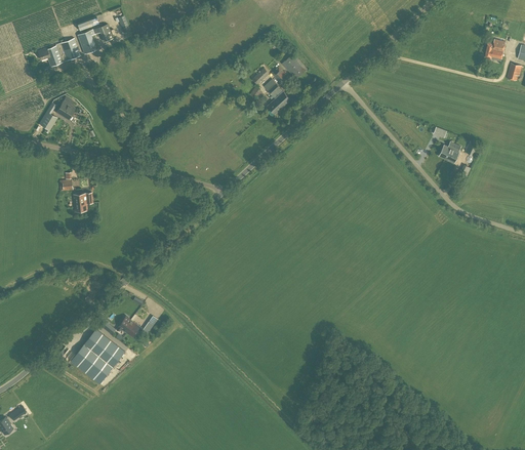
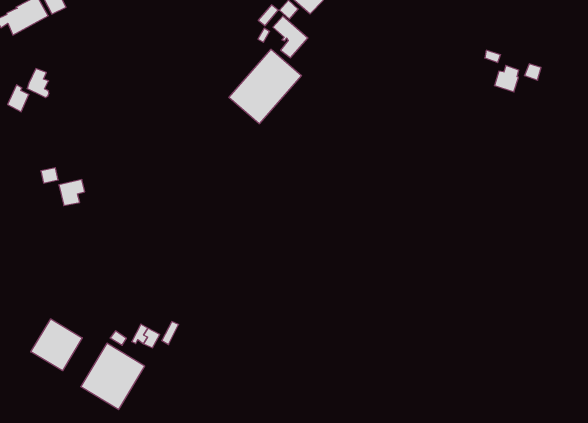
building: none -> [229,49,301,124]
building: none -> [31,319,82,371]

